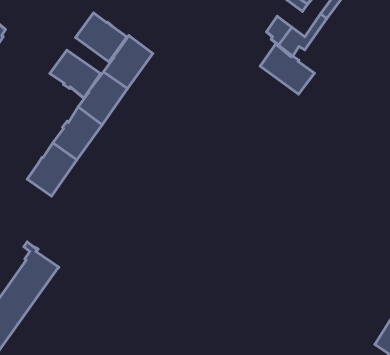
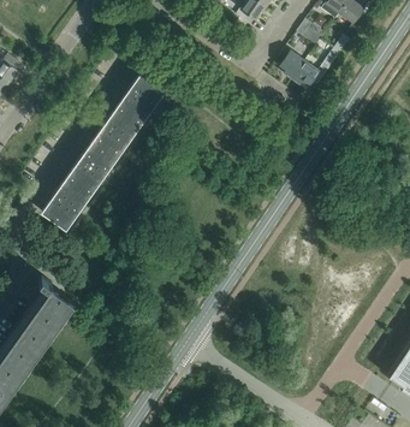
building: [75,13,127,62] -> none
building: [260,44,314,94] -> none
building: [50,50,100,98] -> none

